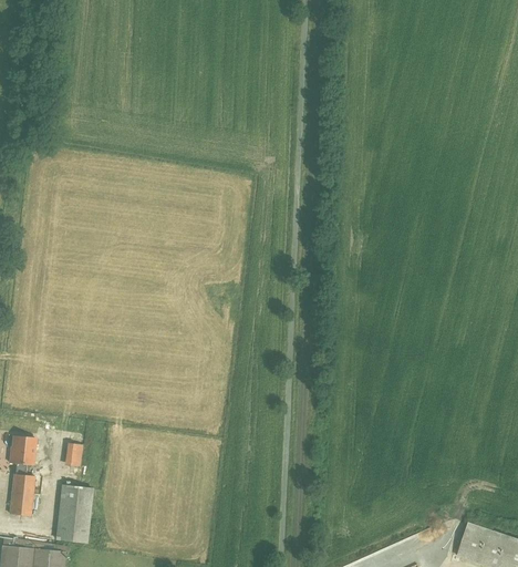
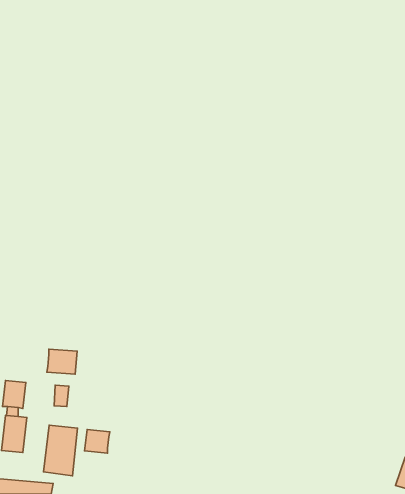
building: none -> [47,349,77,374]
building: none -> [85,429,110,453]

